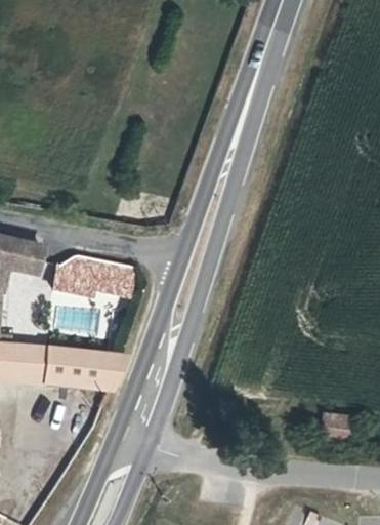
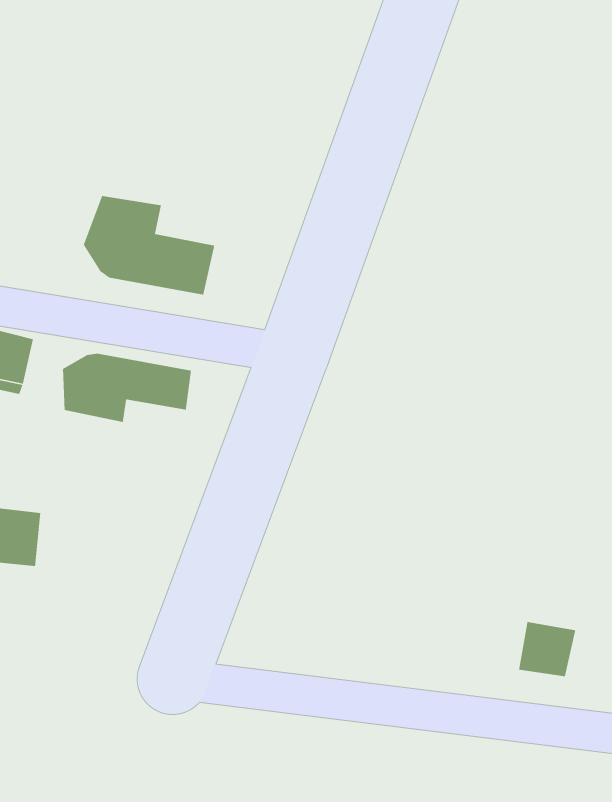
building: none -> [83,195,215,296]
building: [42,349,125,388] -> none

